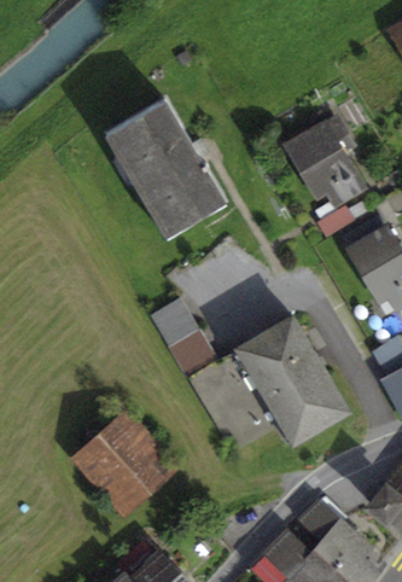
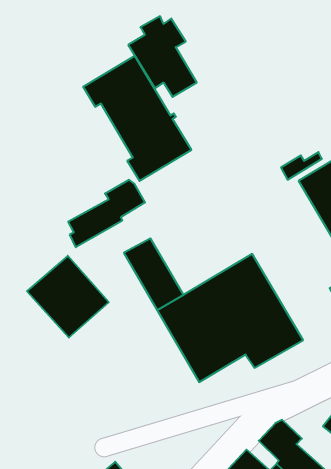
building: [289,117,363,205] -> [128,16,197,97]
building: none -> [68,180,145,247]
building: [81,420,170,510] -> [27,256,109,338]

